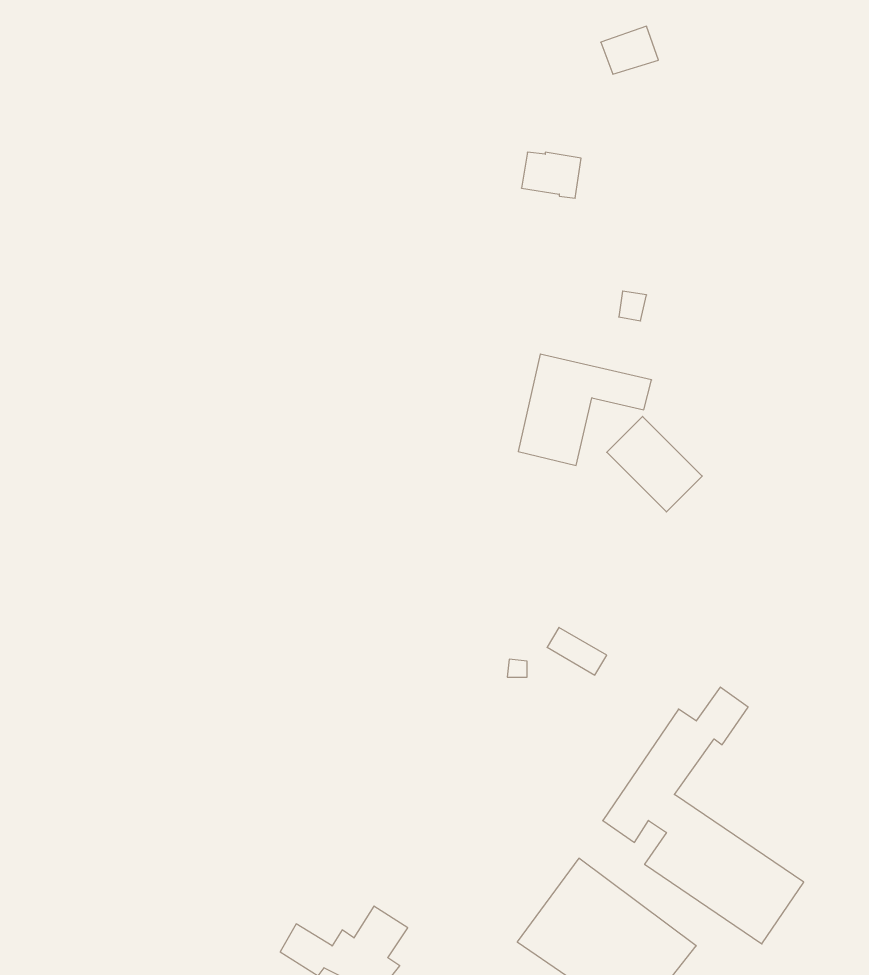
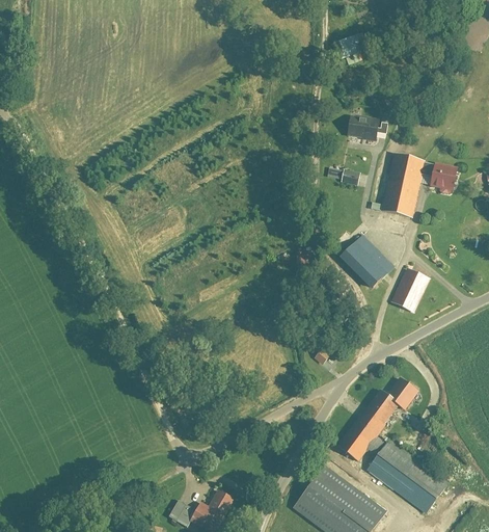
building: [521,152,581,198] -> [348,115,379,139]
building: [518,354,652,465] -> [383,156,453,214]
building: none -> [392,271,428,314]

